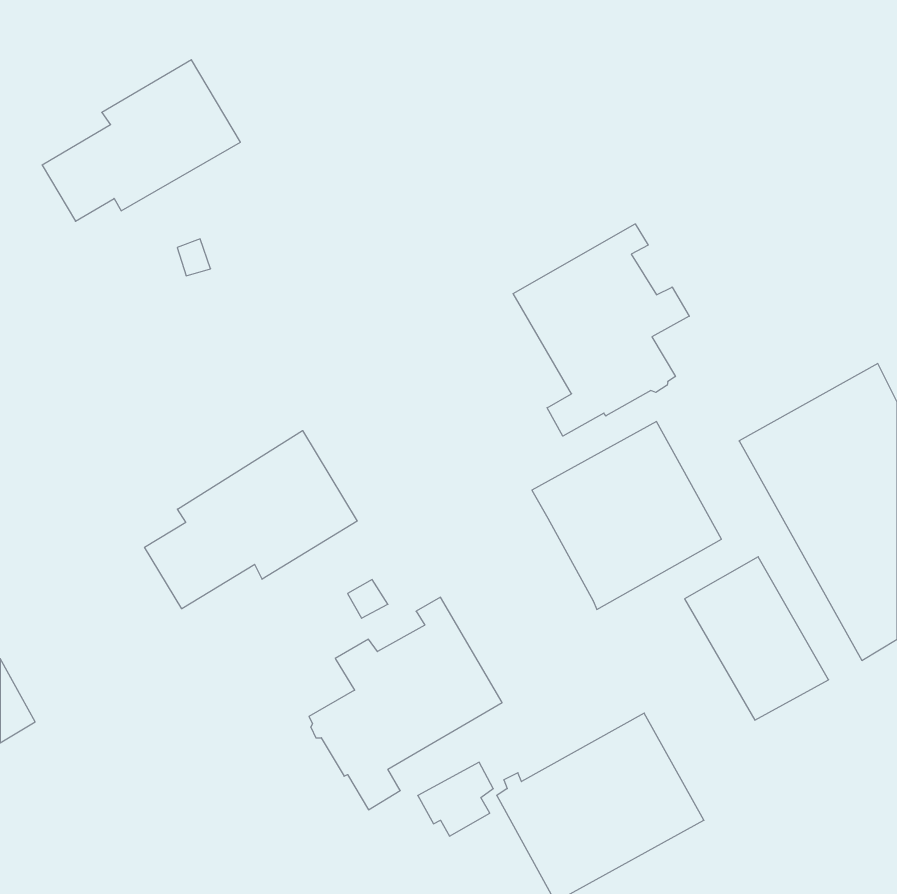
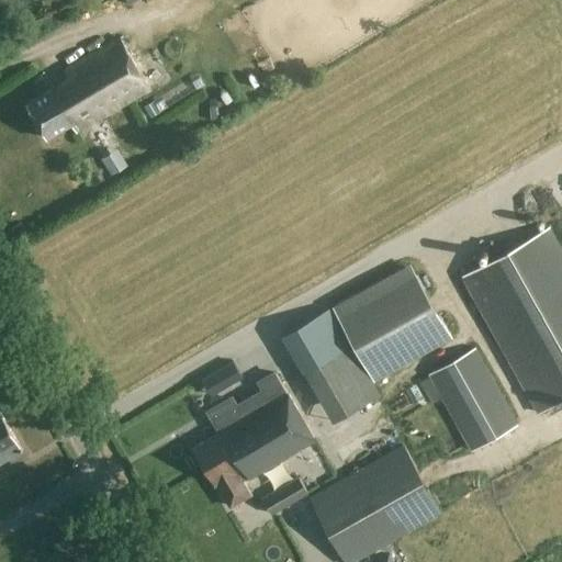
building: [513,224,689,436] -> none
building: [145,431,357,609] -> none
building: none -> [283,311,379,423]

